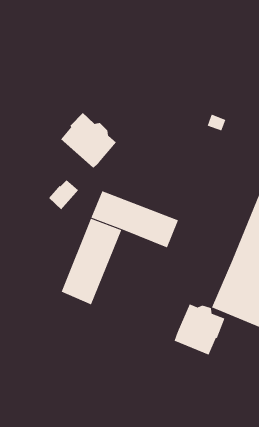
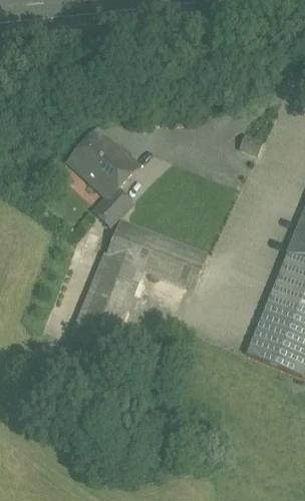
building: [48,180,79,210] -> [94,188,129,223]
building: [174,303,225,356] -> none

